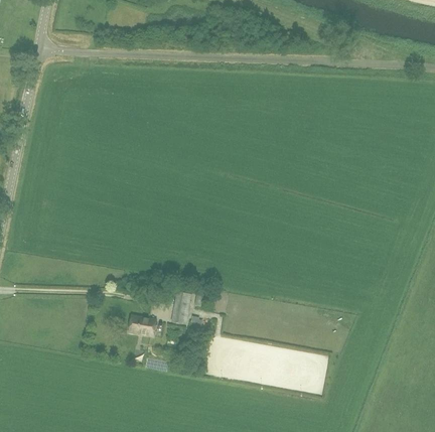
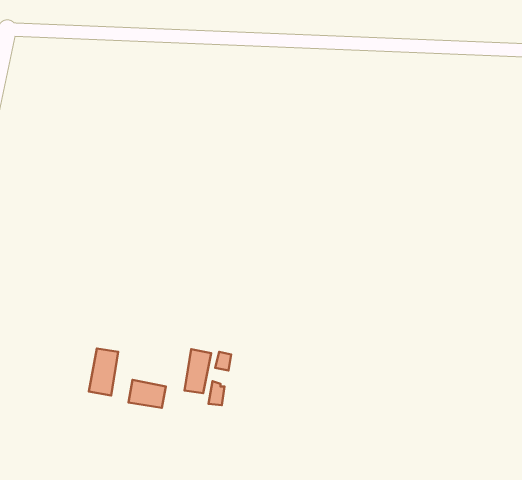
building: none -> [89,349,118,395]

